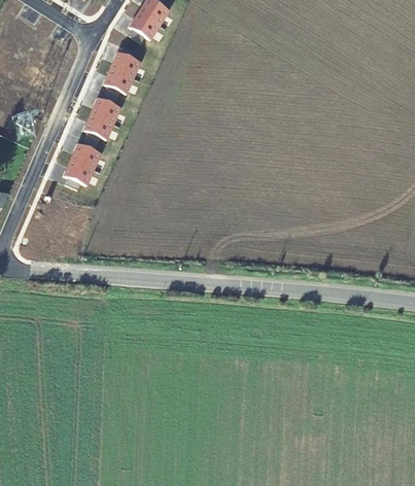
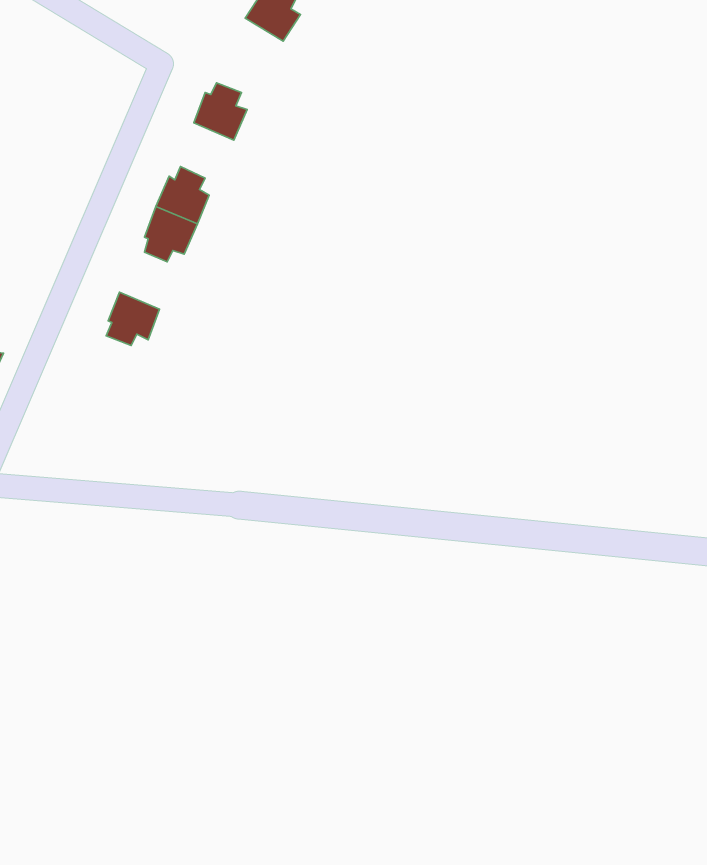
building: [129,11,160,42] -> none
building: [104,68,133,98] -> none
building: [71,138,100,169] -> none

